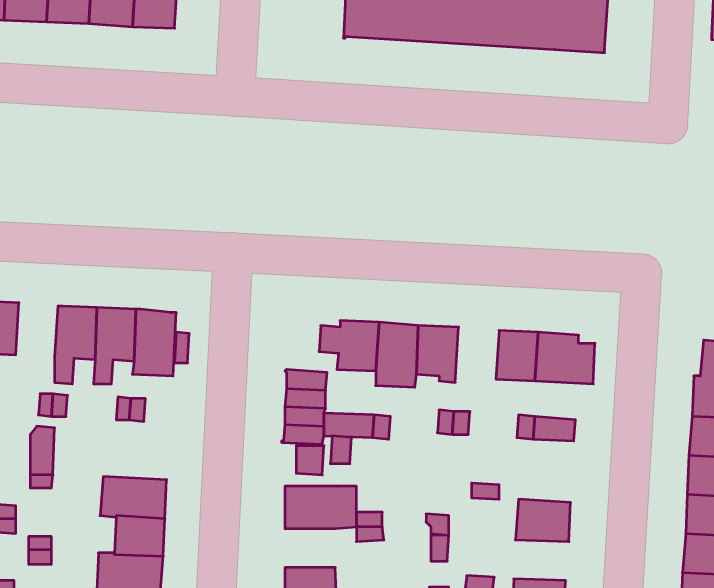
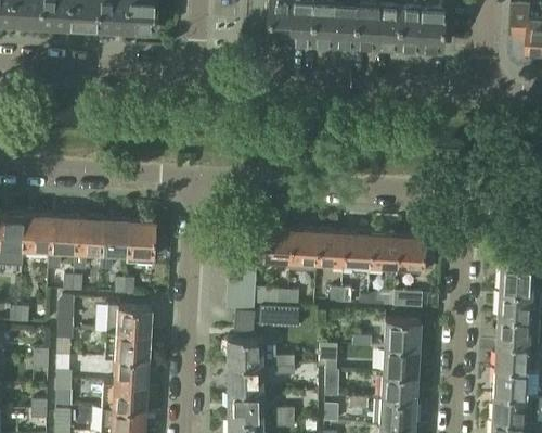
building: none -> [48,216,76,269]
building: none -> [341,232,371,269]
building: none -> [106,307,151,334]
building: none -> [384,320,421,349]
building: none -> [228,367,261,393]
building: none -> [380,374,417,402]

